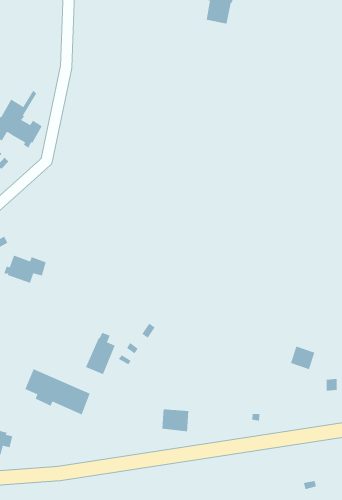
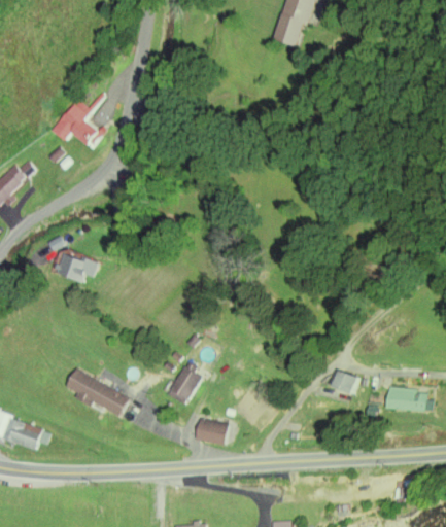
building: [85,332,115,375] -> [168,361,200,403]

